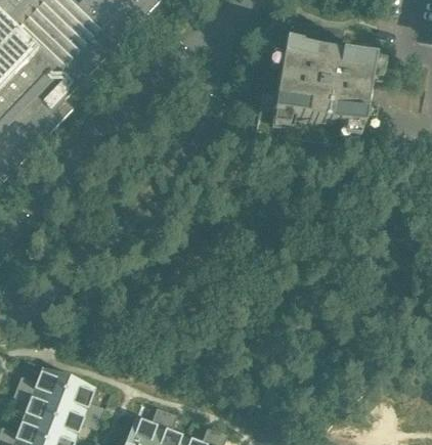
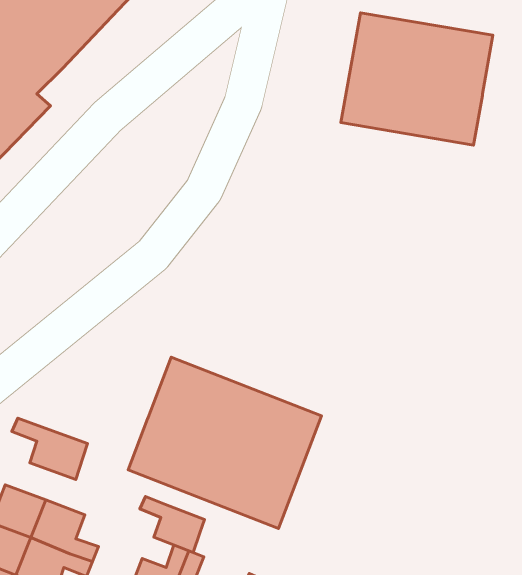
building: none -> [128,357,322,528]
building: none -> [12,418,87,479]
building: none -> [140,497,205,552]

